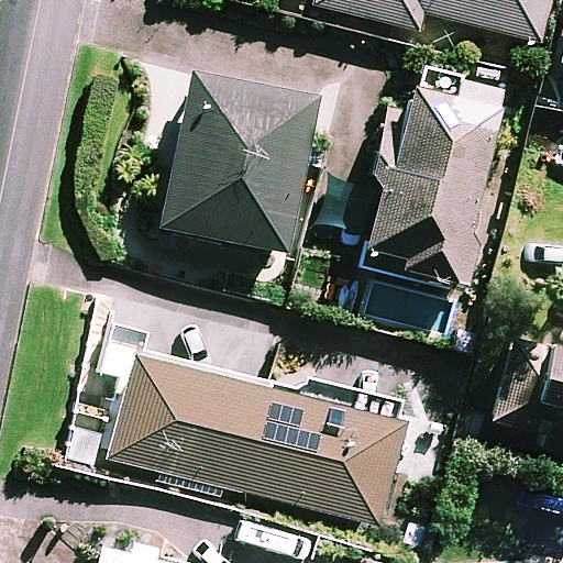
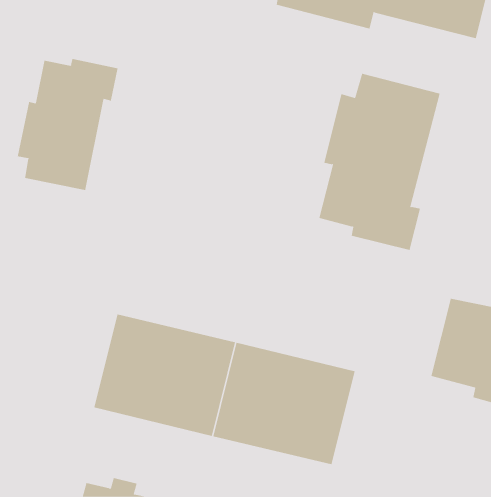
building: none -> [17,58,118,191]
building: [161,70,322,252] -> none

